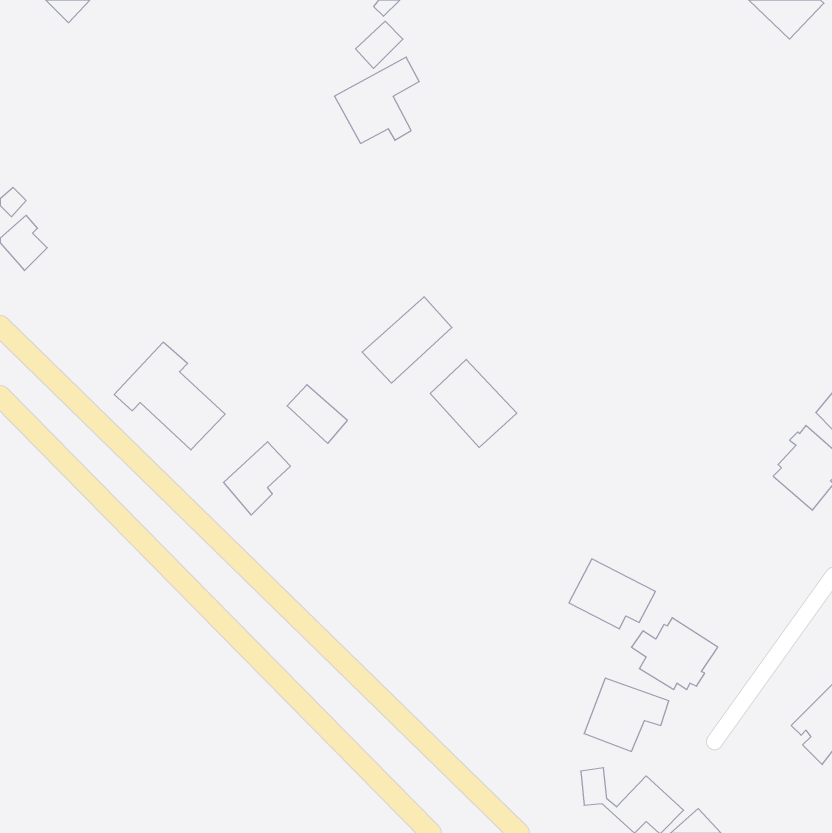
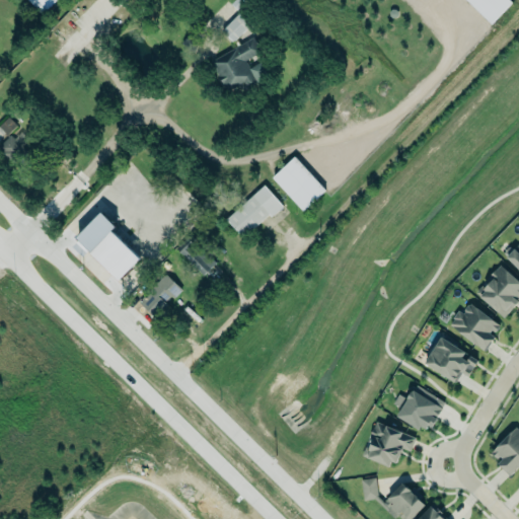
building: [430,359,517,447] -> [273,156,326,211]
building: none -> [449,302,502,351]
building: [569,559,655,629] -> [426,338,479,381]

